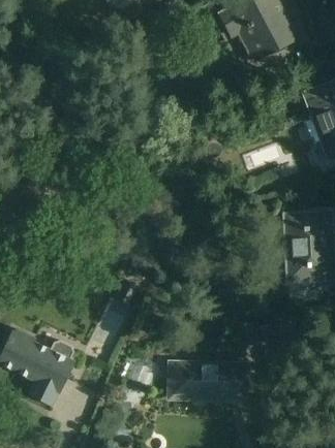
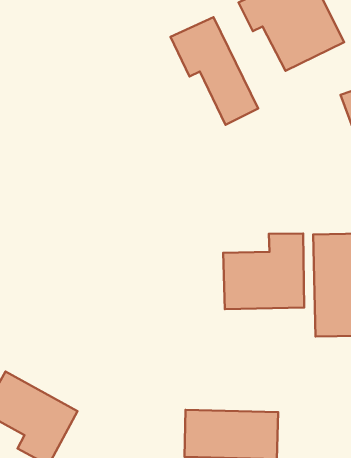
building: none -> [171,17,258,125]
building: none -> [223,233,304,309]

